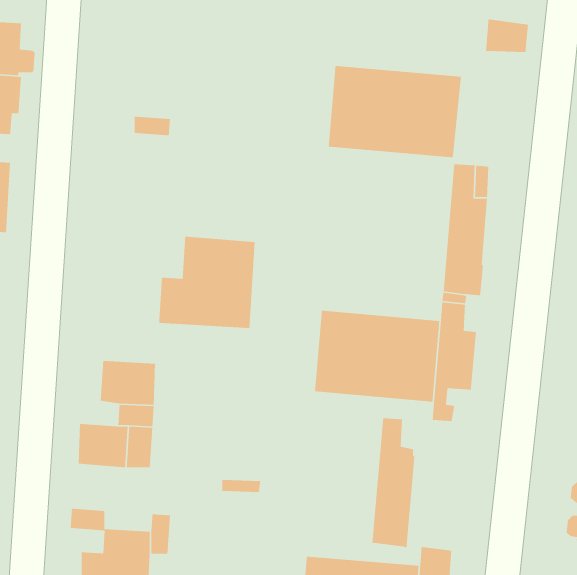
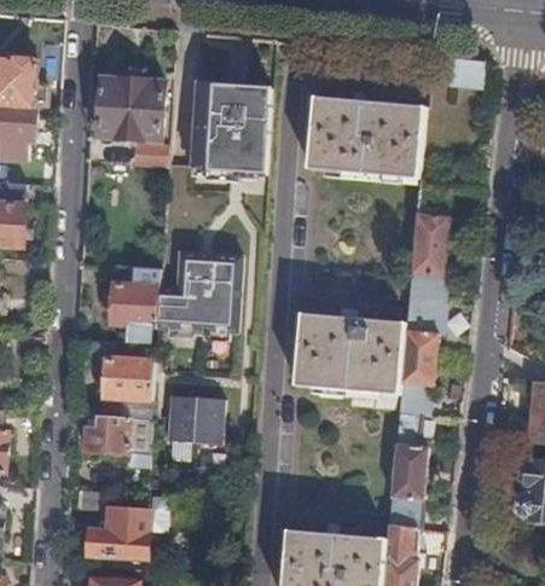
building: none -> [98,76,163,138]
building: none -> [191,82,271,174]
building: none -> [110,265,160,341]
building: none -> [167,391,224,441]
building: [371,417,415,549] -> [388,411,427,527]

